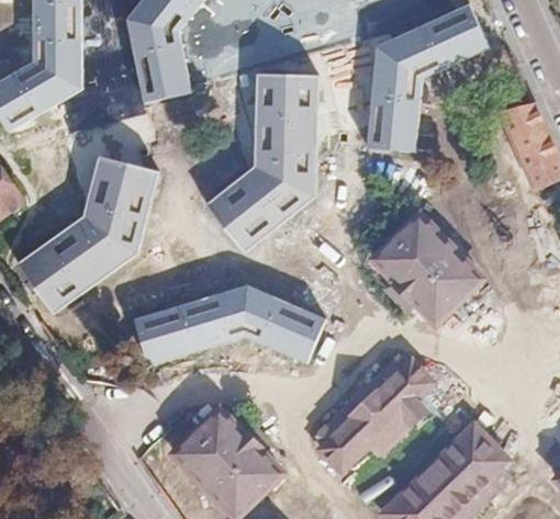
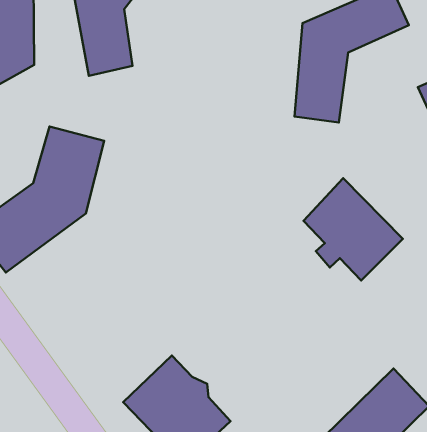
building: [206,71,315,252] -> none
building: [131,284,327,365] -> none
building: [317,358,430,473] -> none

